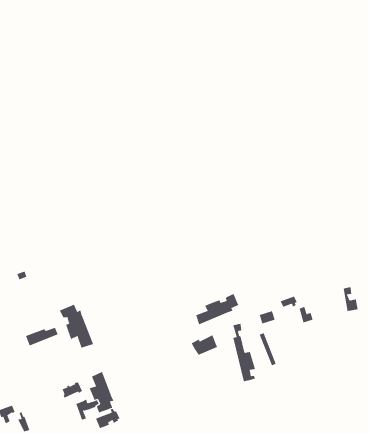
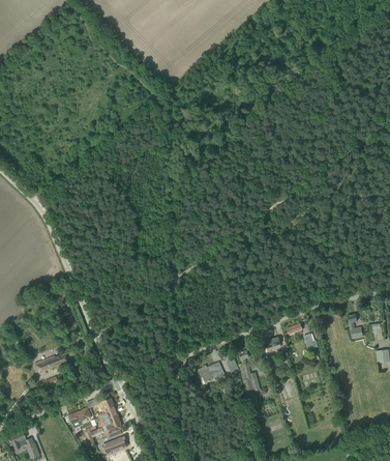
building: [195,293,239,325] -> none
building: [59,304,94,348] -> none

